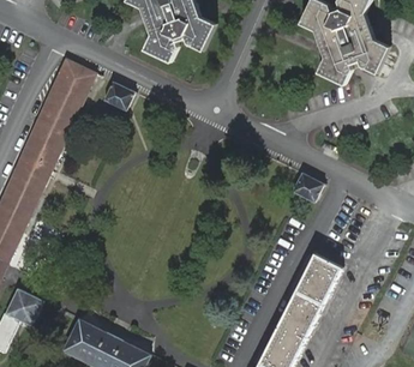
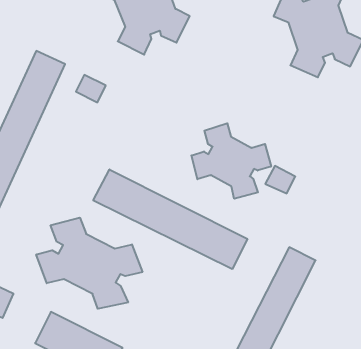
building: none -> [191,123,271,199]
building: none -> [93,169,247,269]
building: none -> [36,218,142,309]

